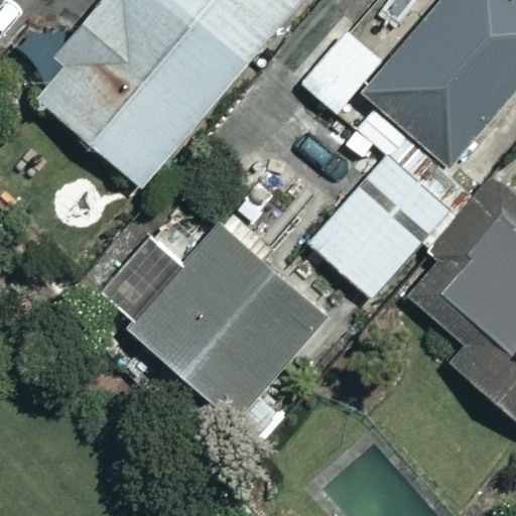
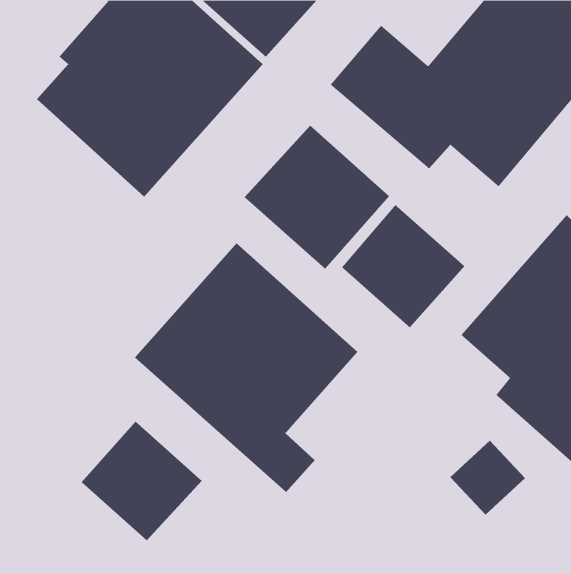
building: none -> [244,125,390,270]
building: none -> [81,421,203,541]

